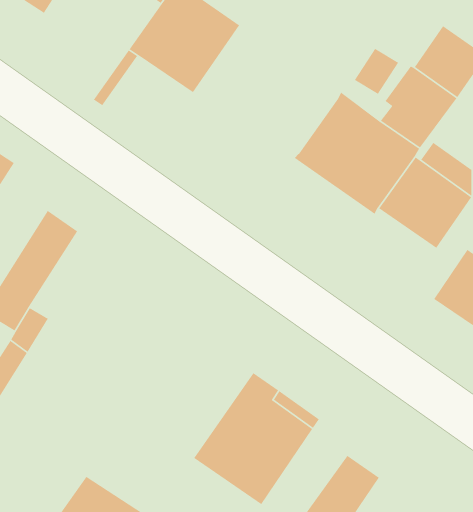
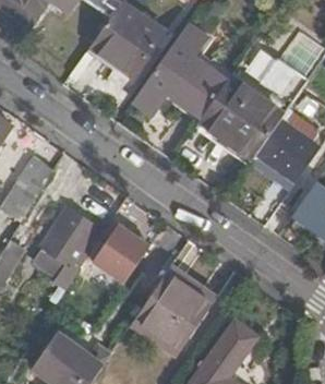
building: none -> [133,23,228,118]
building: none -> [33,207,98,288]
building: none -> [91,225,148,284]

